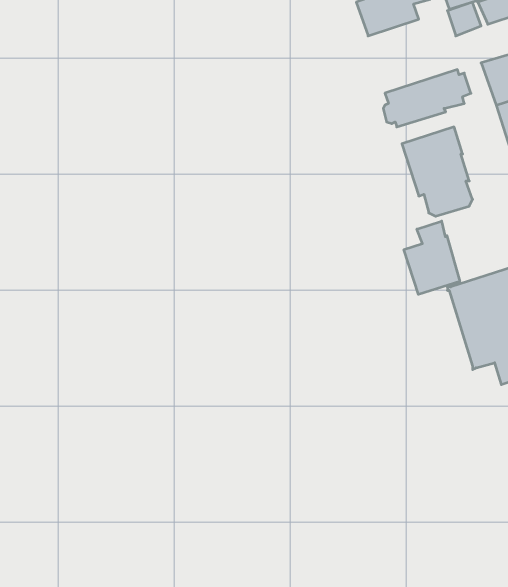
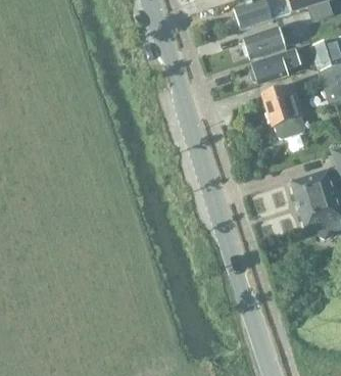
building: none -> [243,26,287,58]
building: [404,221,460,294] -> none

